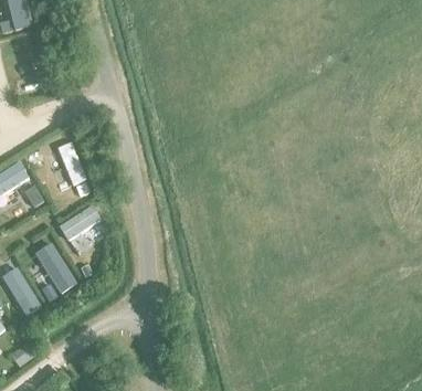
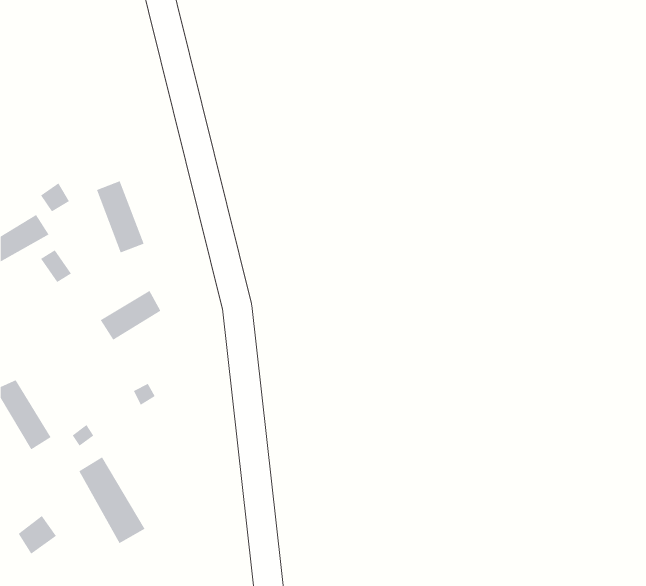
building: [39,243,78,295] -> [78,456,145,544]

